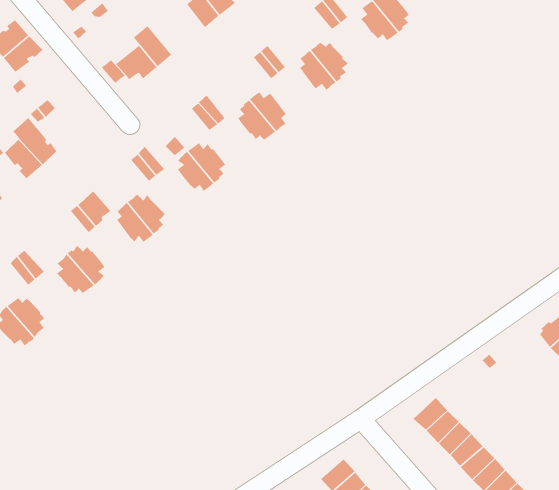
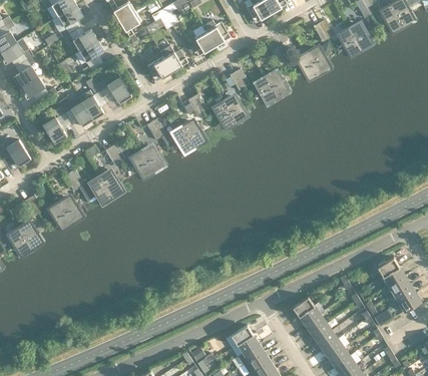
building: none -> [105,73,131,103]

